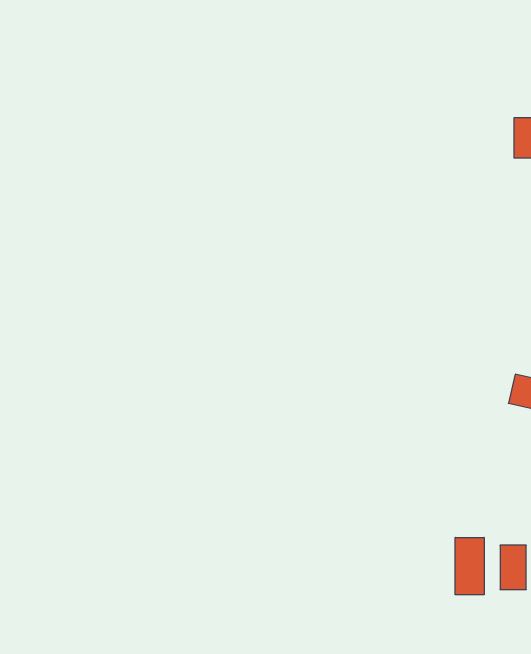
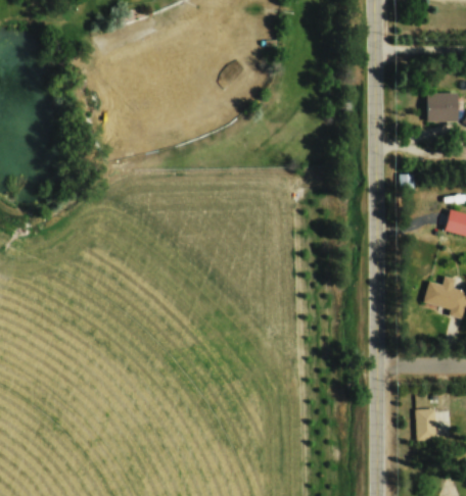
building: [455,537,484,595] -> none

